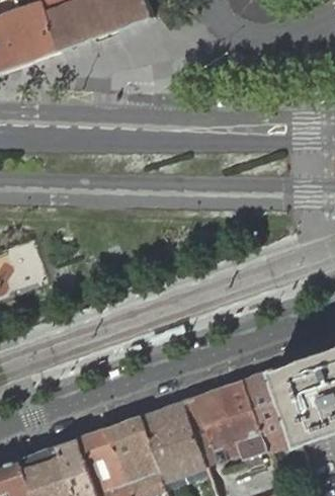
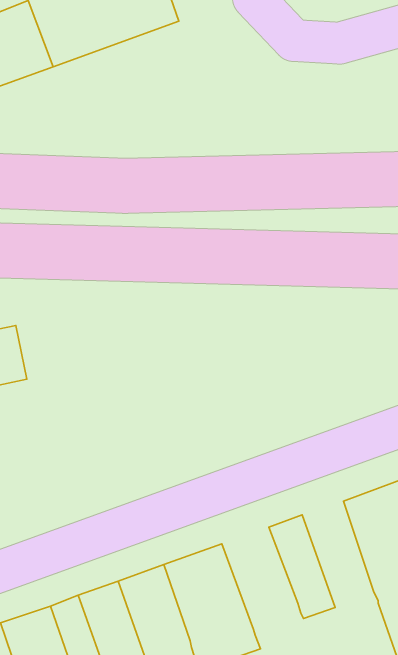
building: [242,368,298,453] -> none
building: [183,388,241,463] -> none

